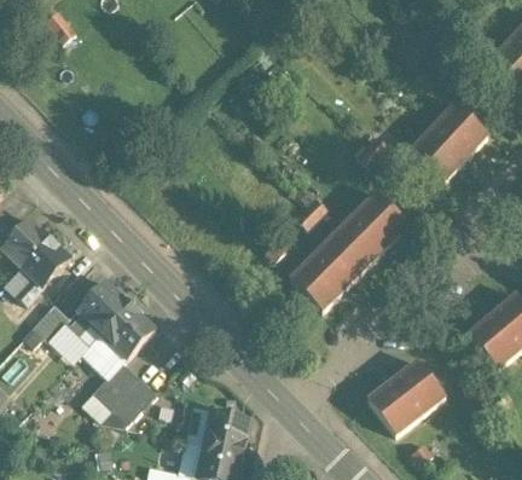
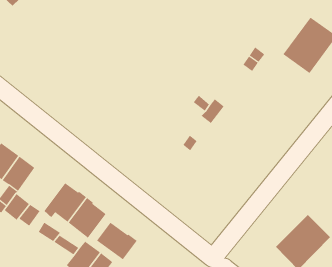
building: [291,192,407,308] -> none
building: none -> [96,222,138,260]

